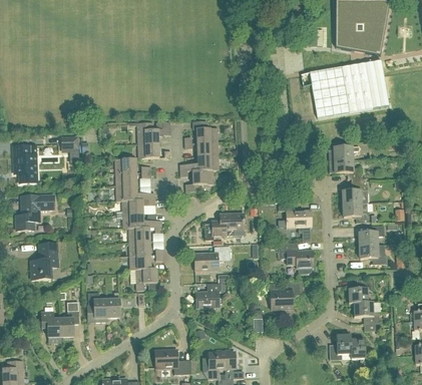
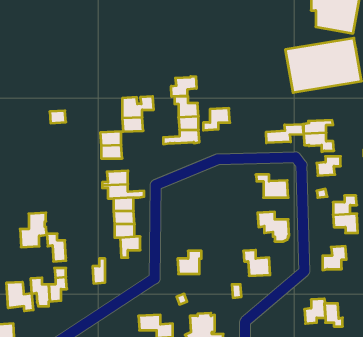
building: none -> [171,76,196,97]
building: [13,144,37,182] -> none
building: none -> [266,124,304,143]
building: [185,168,214,191] -> [203,108,230,130]
building: [115,185,154,201] -> none
building: [16,195,52,230] -> none
building: [343,203,368,222] -> none
building: [204,213,245,240] -> none
building: [194,246,230,270] -> none
building: [87,292,107,321] -> [47,234,66,261]
building: [353,301,379,323] -> none
building: none -> [7,282,33,311]

